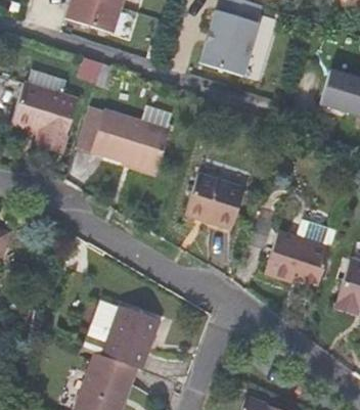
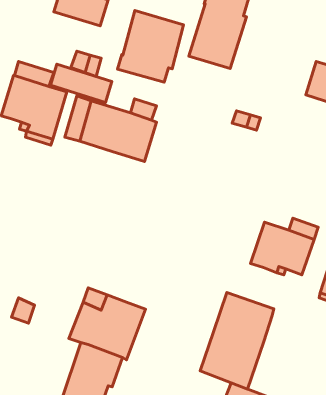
building: none -> [118,11,184,82]
building: none -> [50,64,112,102]
building: [187,164,249,230] -> none
building: none -> [200,293,274,389]

